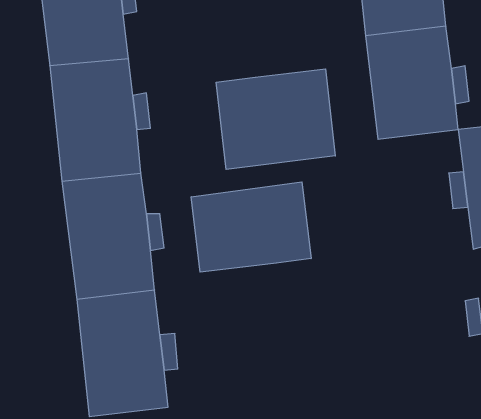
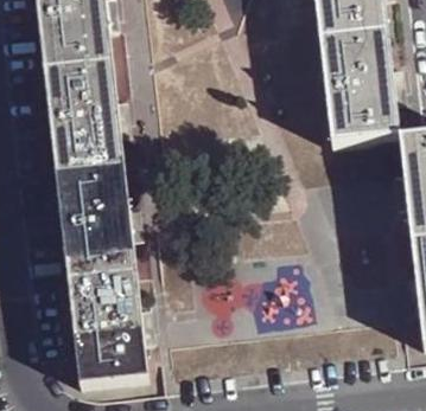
building: [216,69,335,169] -> none
building: [191,182,311,272] -> none

